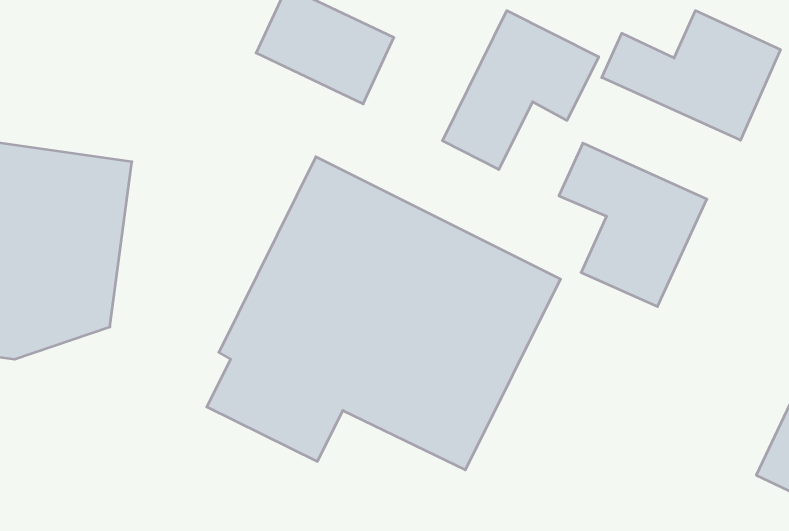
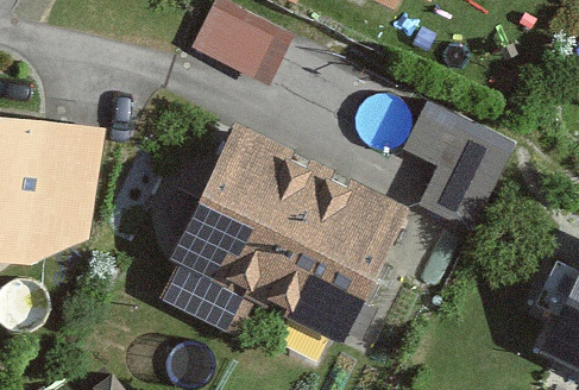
building: [602,11,780,140] -> none
building: [442,11,599,170] -> none

